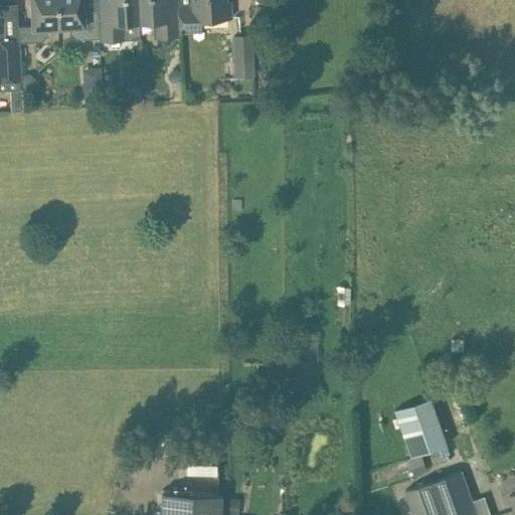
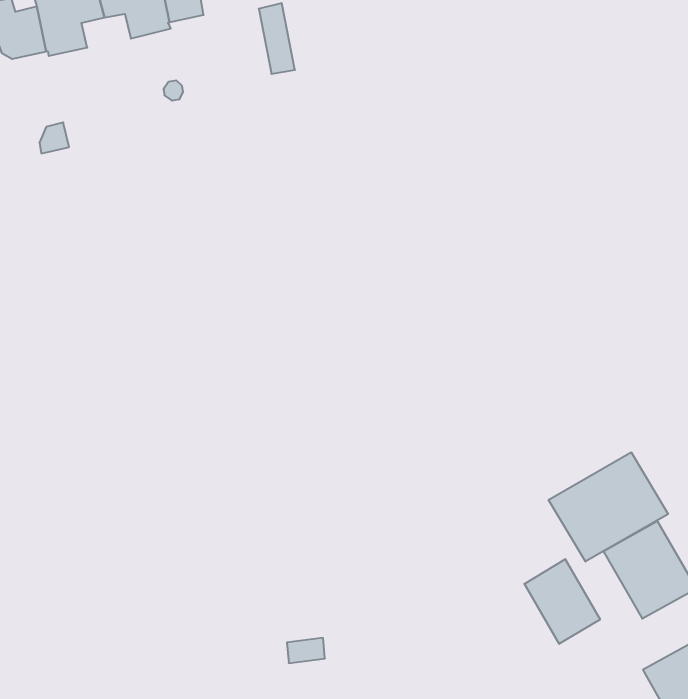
building: none -> [549,452,668,562]
building: none -> [524,559,600,644]

